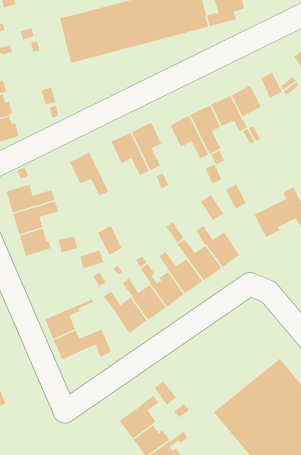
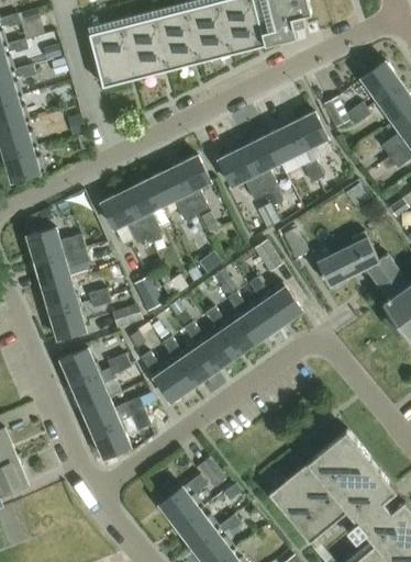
building: none -> [124,178,162,237]
building: none -> [49,303,86,338]
building: none -> [60,350,127,385]
building: none -> [92,420,130,458]

